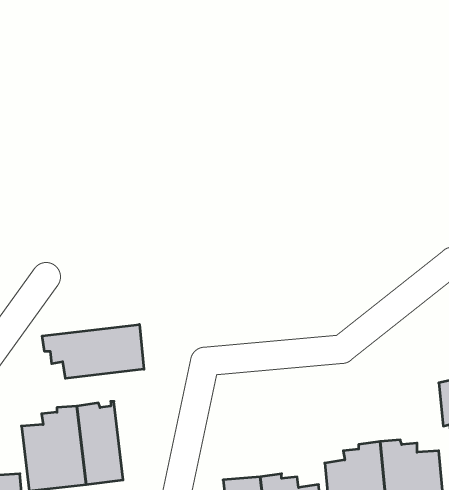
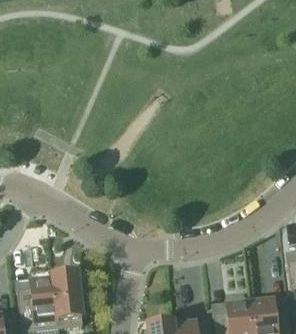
building: [42,324,144,378] -> none

